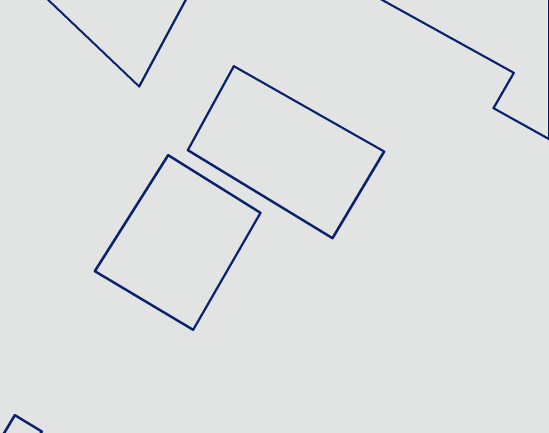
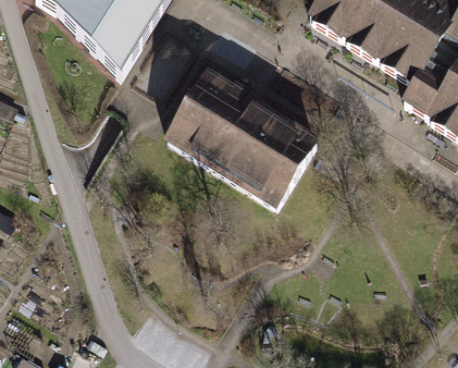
building: [95,155,260,330] -> none

